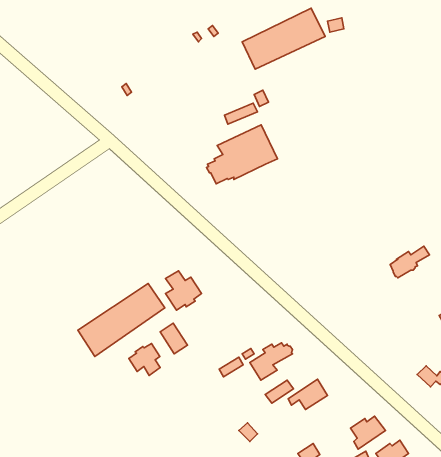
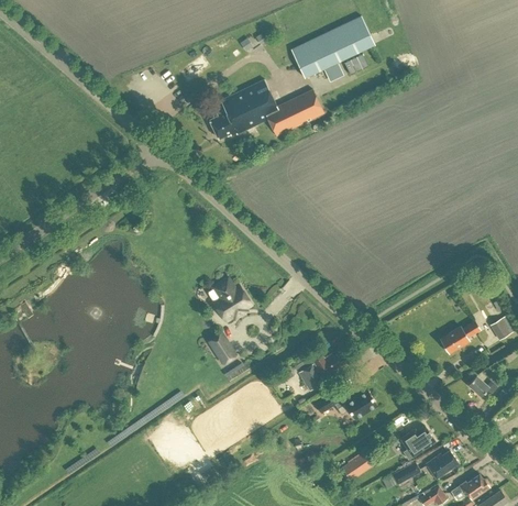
building: [206,125,278,184] -> [208,80,279,140]
building: [390,246,429,278] -> [440,321,480,353]
building: [78,283,165,356] -> none
building: [129,343,160,376] -> none

